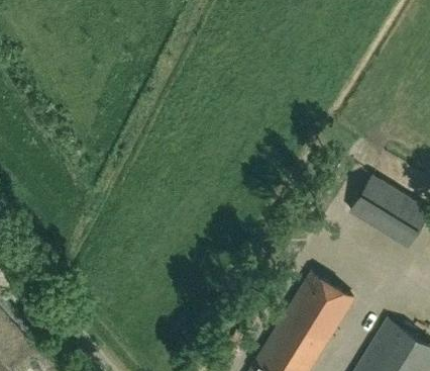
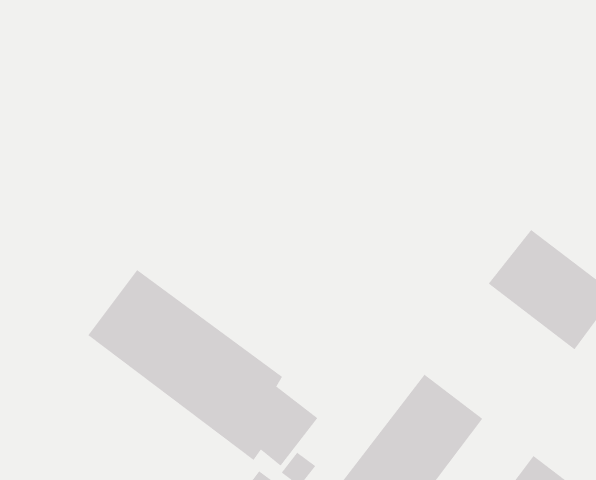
building: none -> [88,269,318,466]

